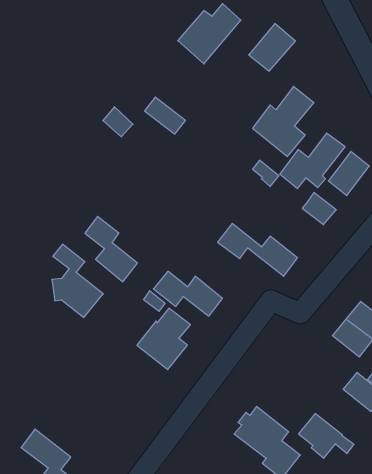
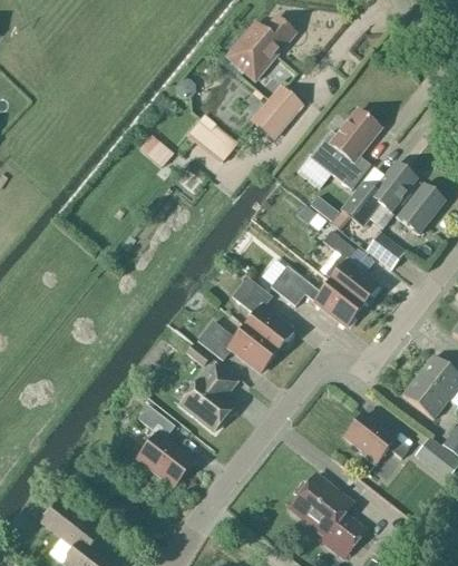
building: [249,24,295,71] -> [251,85,304,139]
building: none -> [323,230,379,304]
building: [85,216,137,282] -> [233,276,293,351]
building: [52,244,103,317] -> [137,404,196,488]
building: [299,414,354,458] -> [345,412,409,463]

